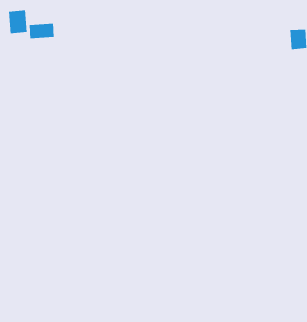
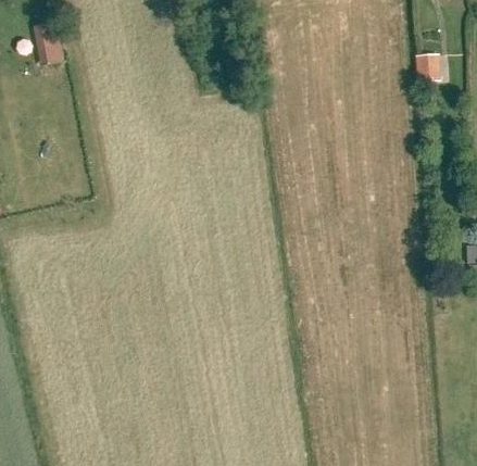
building: [29,23,54,39] -> none

